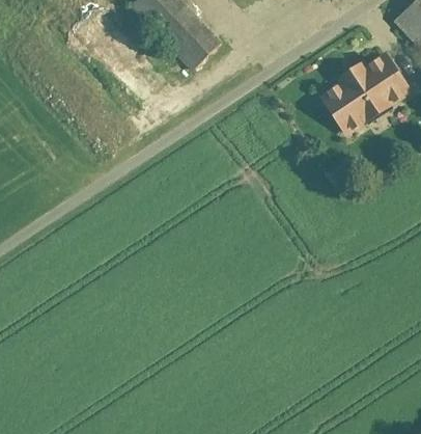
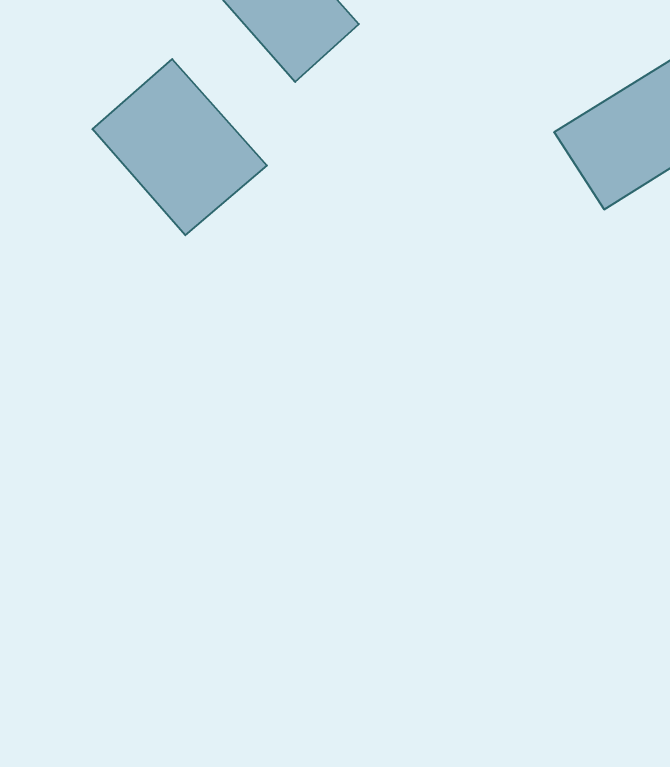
building: none -> [92,59,267,235]

